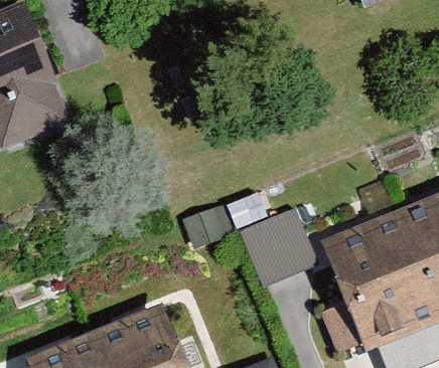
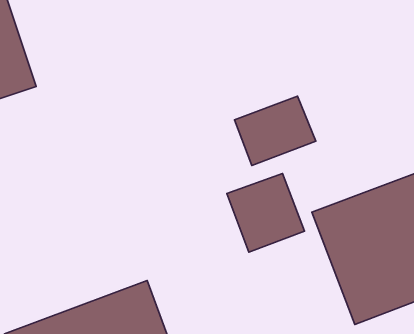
building: none -> [234,96,316,166]

